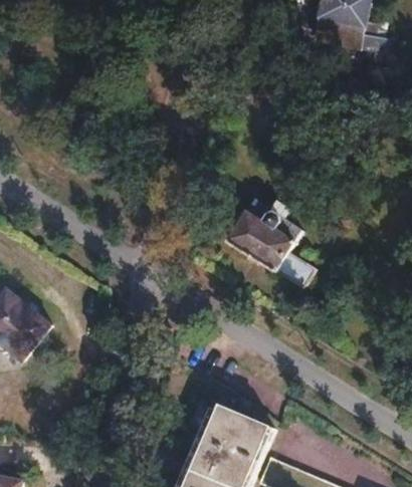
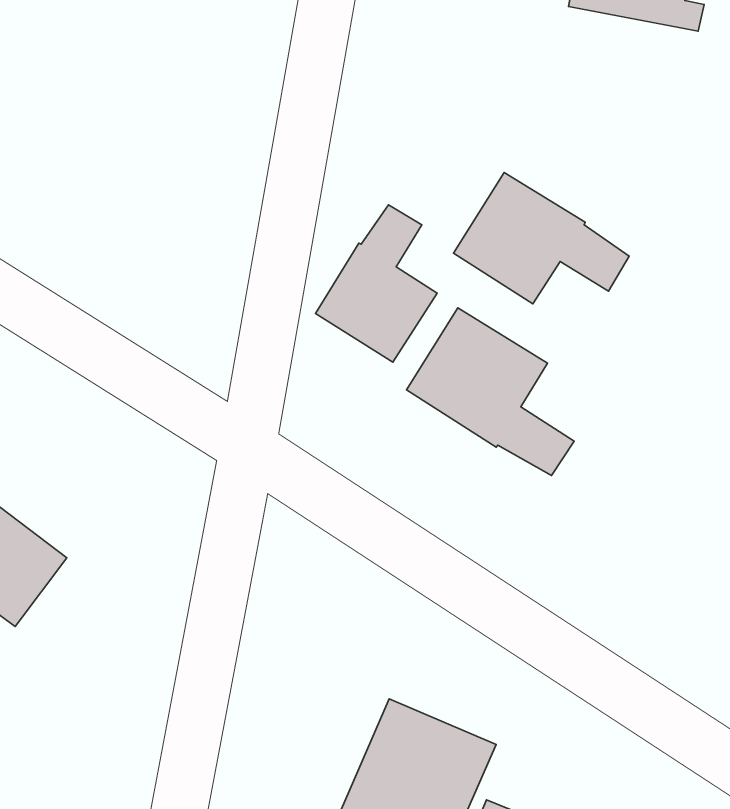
building: none -> [453,172,629,304]
building: none -> [315,205,437,362]

